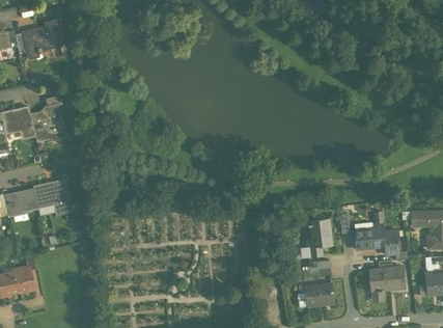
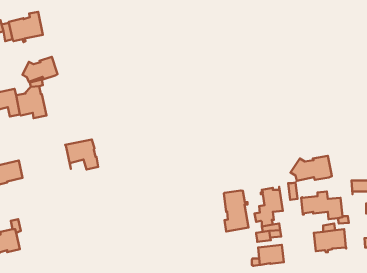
building: none -> [22,57,57,82]
building: [33,180,71,214] -> [65,139,98,170]
building: none -> [290,156,332,181]
building: none -> [224,190,248,231]

